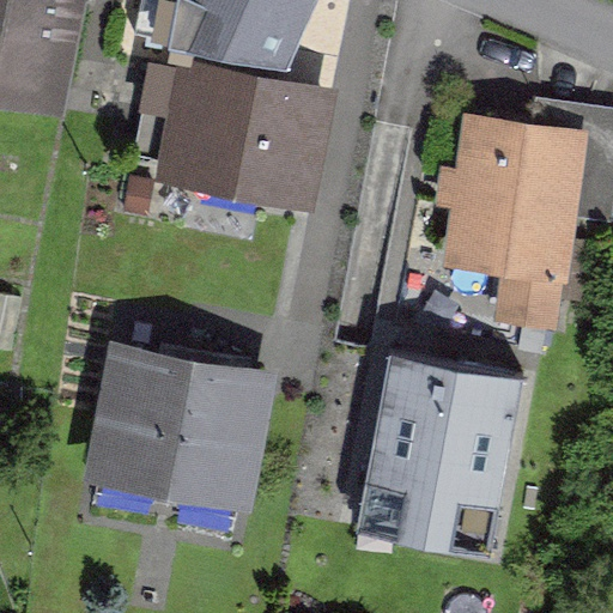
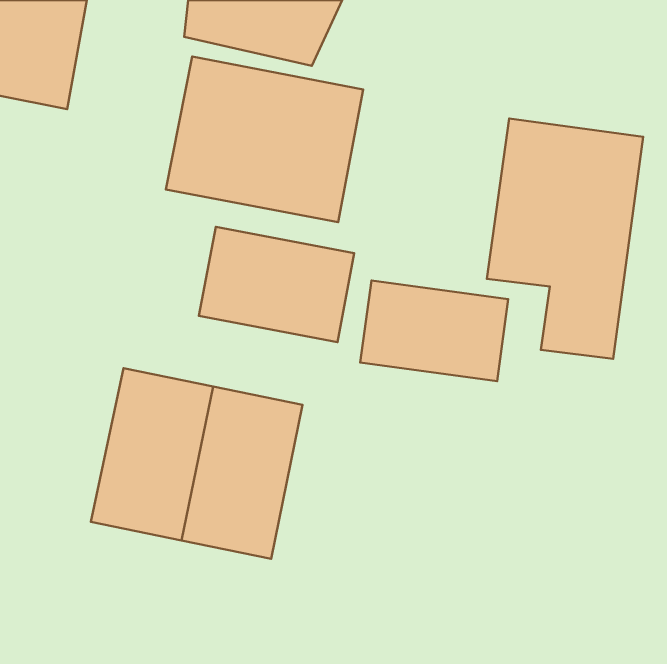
building: none -> [199,227,354,342]
building: none -> [360,280,508,381]
building: [353,353,523,559] -> none

